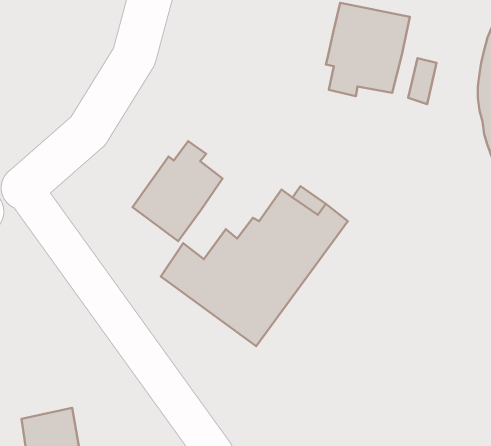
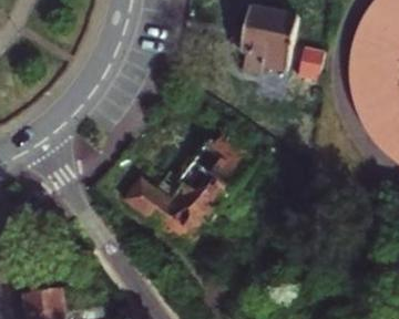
building: [133,141,223,241] -> none

